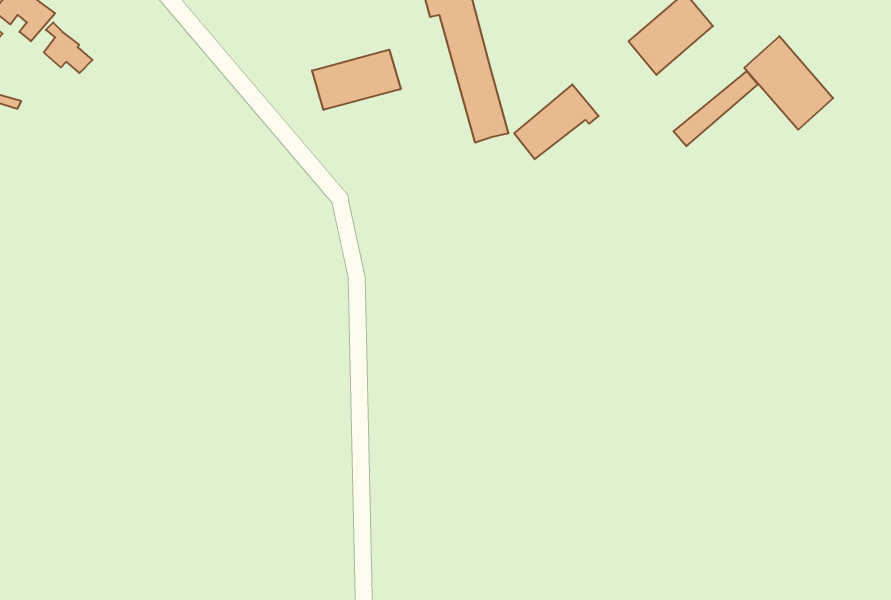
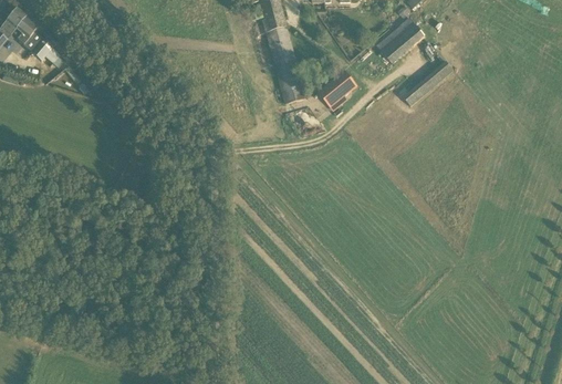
building: [744,36,833,130] -> none
building: [312,50,401,110] -> none

